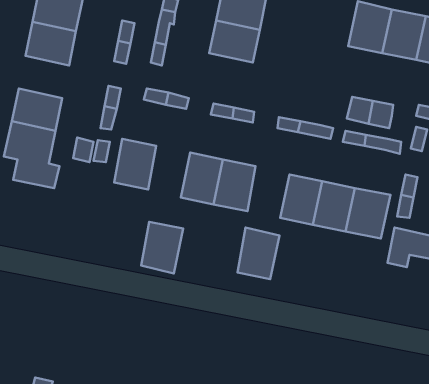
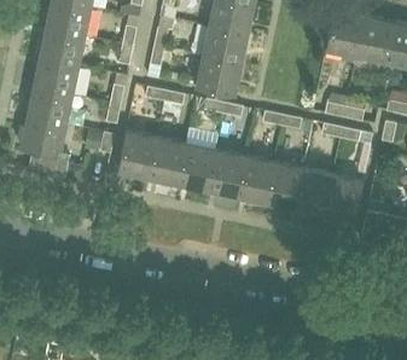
building: none -> [197,56,242,94]
building: none -> [34,58,79,95]
building: [141,222,183,274] -> [149,138,186,184]
building: [237,227,280,279] -> [237,156,274,202]

